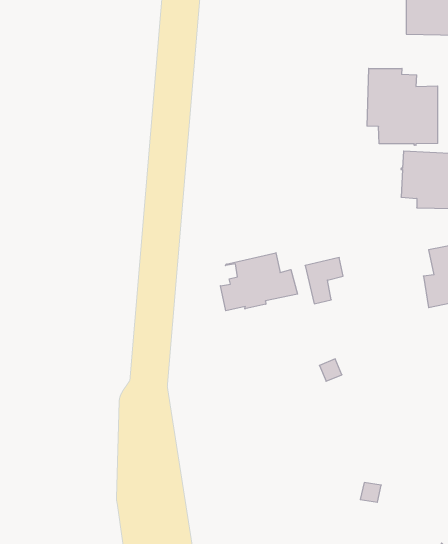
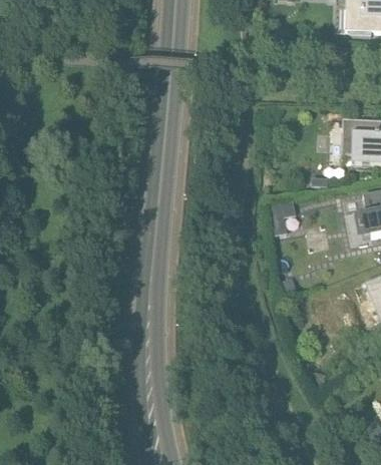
building: [367,68,438,145] -> none
building: [220,253,298,311] -> none

